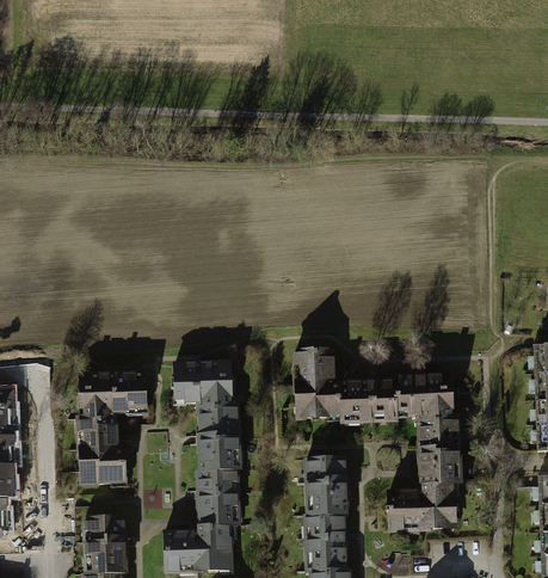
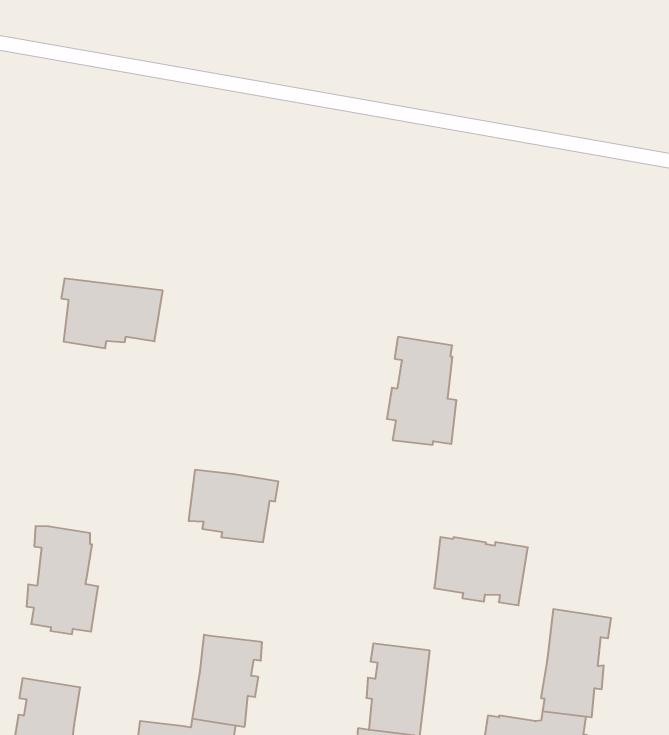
building: [295,352,340,419] -> [387,337,457,445]
building: [80,375,144,418] -> [61,279,163,348]
building: [394,377,451,419] -> none
building: [198,406,238,472] -> none

